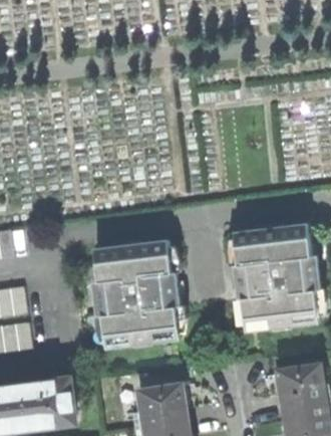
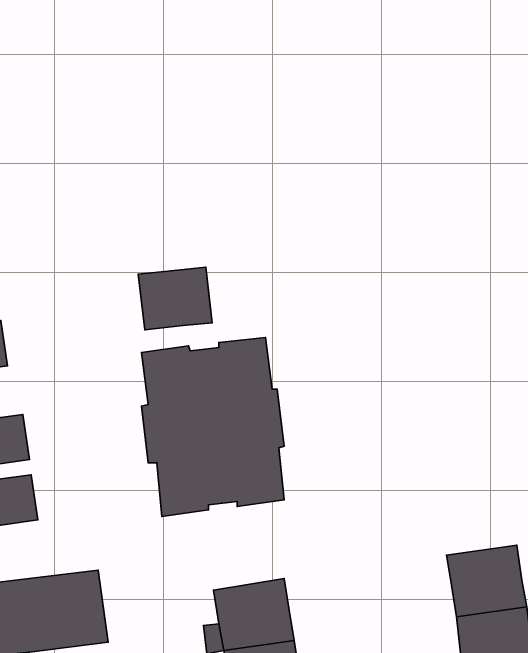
building: none -> [138,267,212,330]
building: [235,223,320,331] -> none

